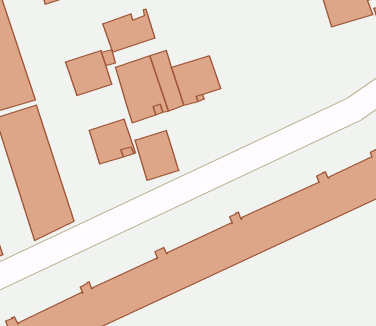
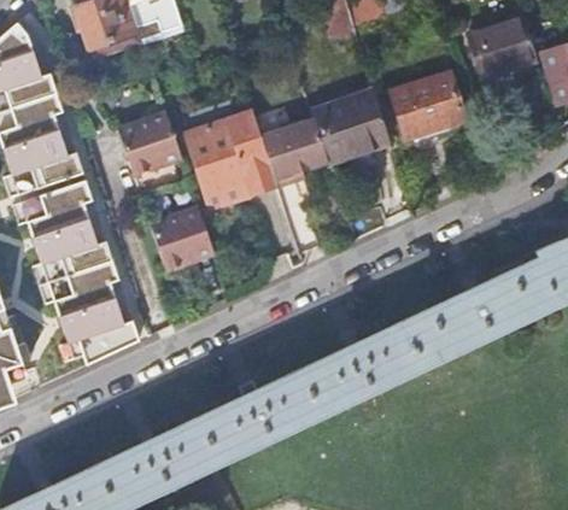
building: [103,9,155,52] -> none
building: none -> [388,71,464,137]
building: none -> [312,90,391,163]
building: [135,130,179,180] -> none

